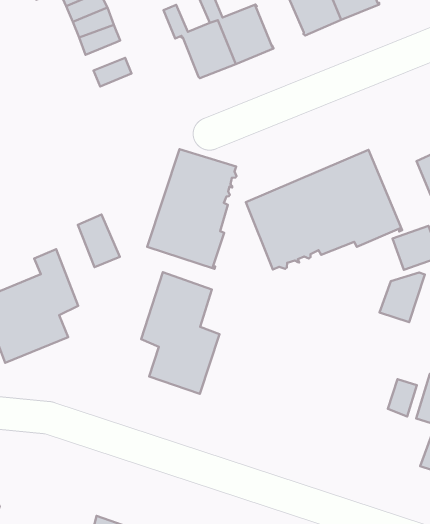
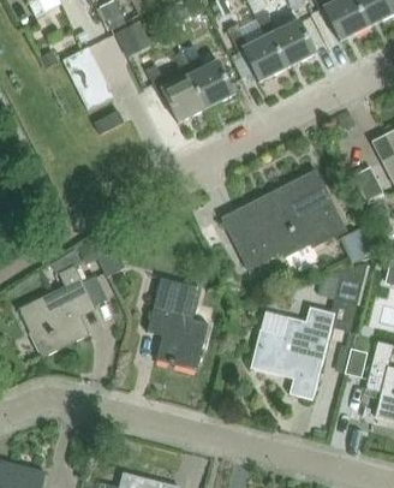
building: [147,149,236,269] -> none
building: none -> [252,307,334,399]

